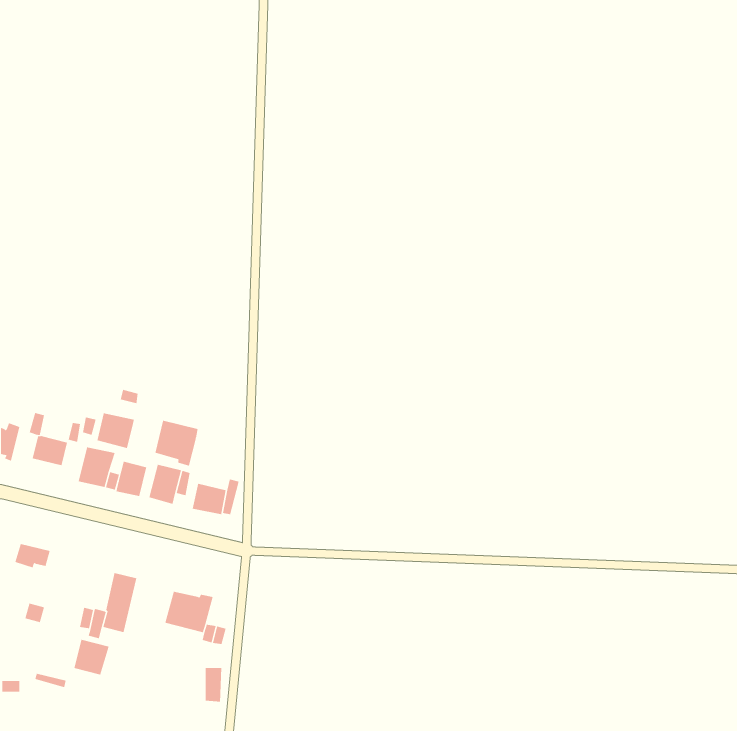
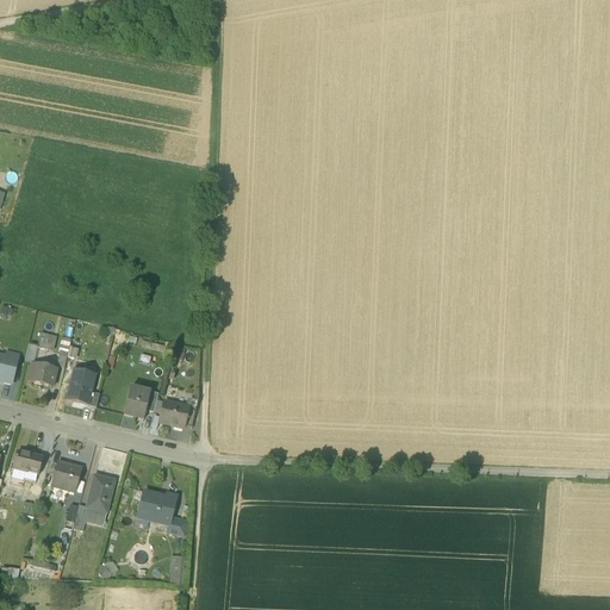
building: [97,412,135,449] -> none
building: [155,420,198,467] -> none
building: [116,461,147,497] -> none
building: [73,639,110,675] -> [51,459,81,488]

